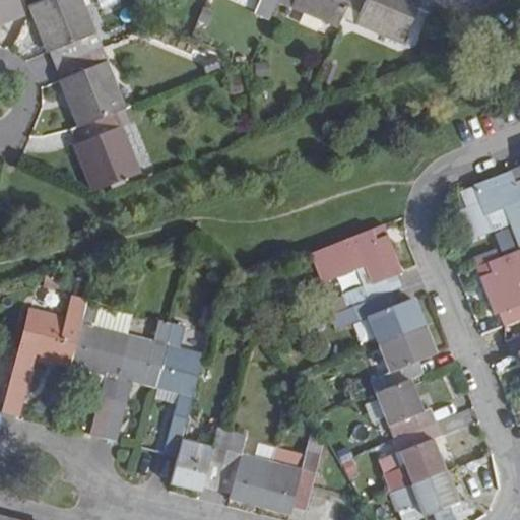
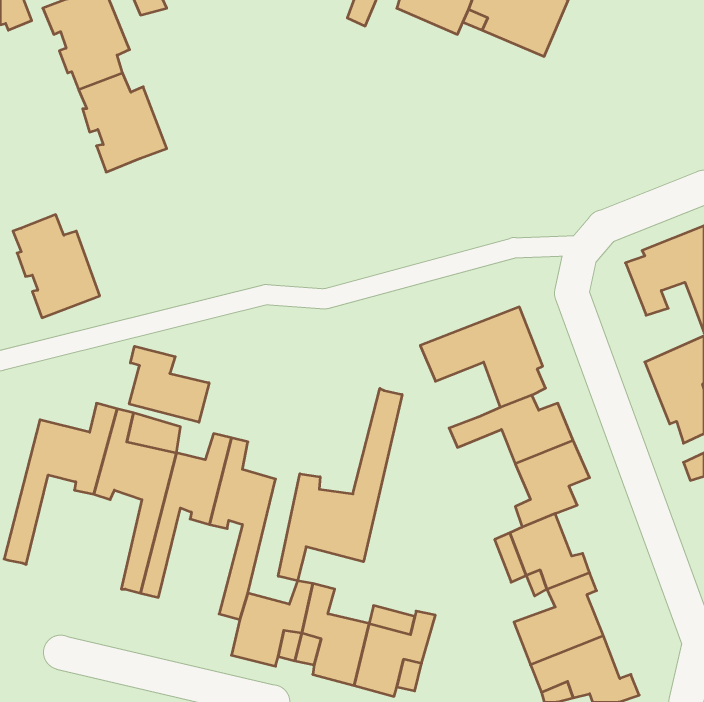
building: [72,117,136,193] -> [13,215,100,318]
building: none -> [129,346,209,422]
building: none -> [278,388,402,581]

